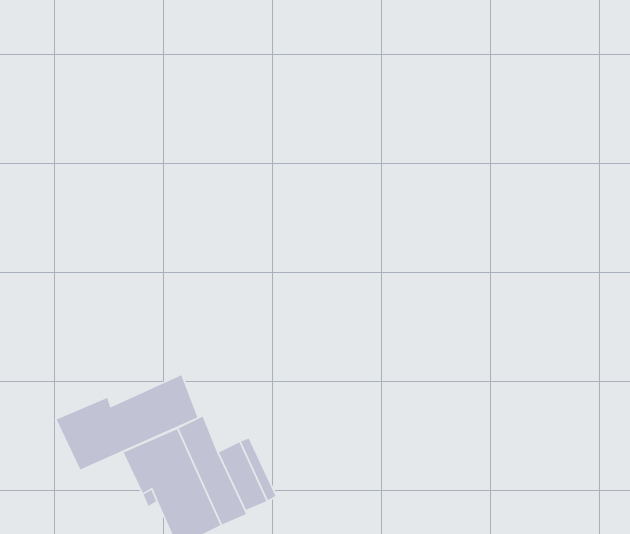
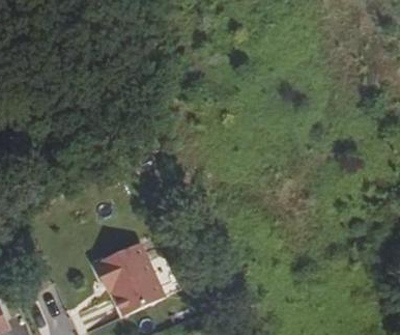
building: [56,374,199,470] -> none

